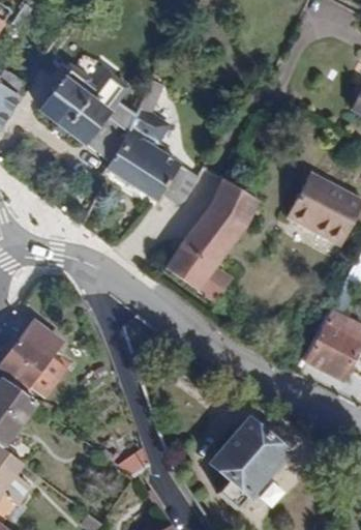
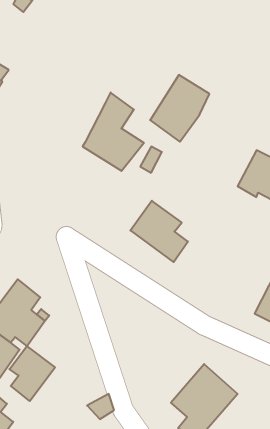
building: [41,68,136,165] -> none
building: [189,180,258,257] -> [150,75,209,142]
building: none -> [9,346,55,401]

